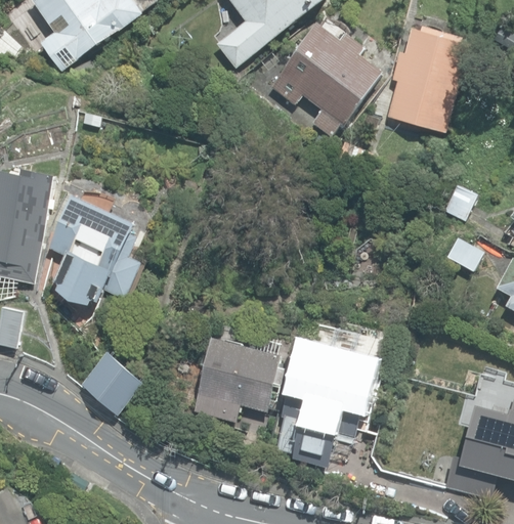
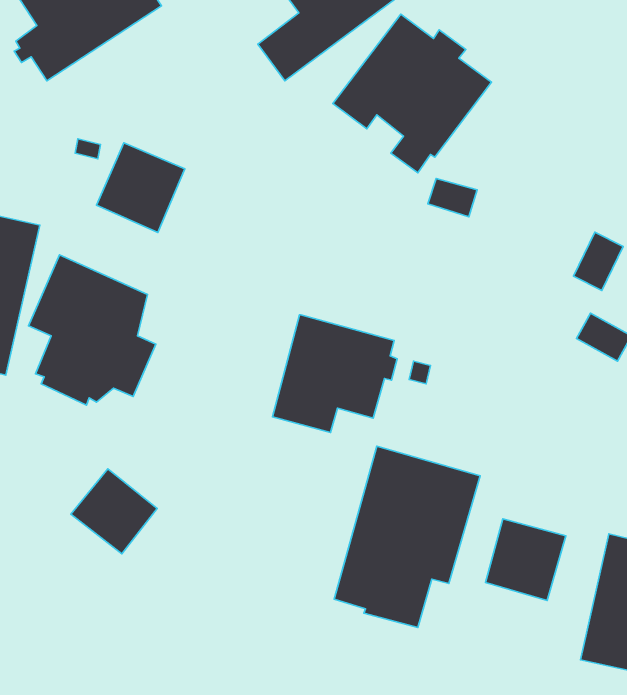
building: [383,26,469,131] -> none
building: none -> [96,143,185,232]
building: [192,335,283,420] -> [273,315,397,432]
building: none -> [486,519,566,600]

